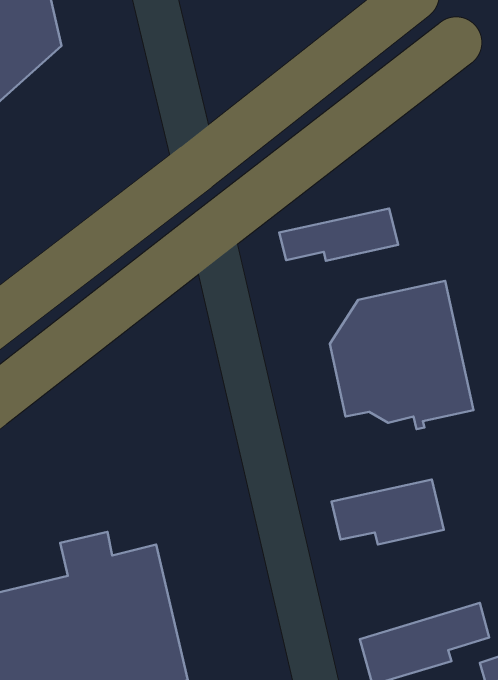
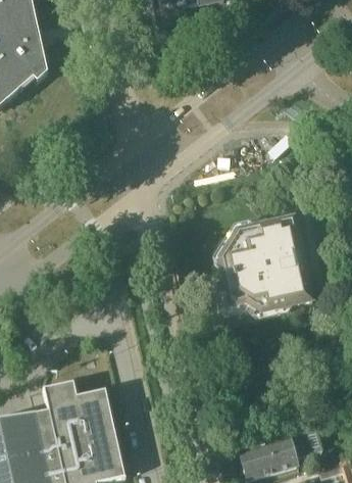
building: [279,209,398,261] -> none
building: [331,480,444,545] -> none

